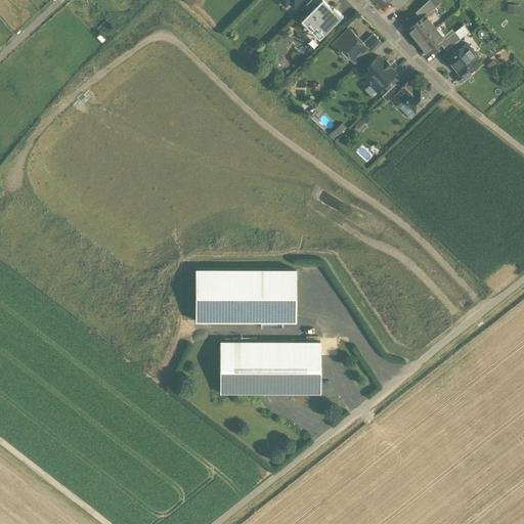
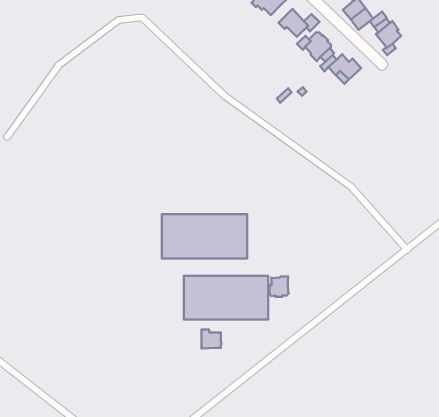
building: none -> [269,276,289,297]
building: none -> [202,329,221,349]

